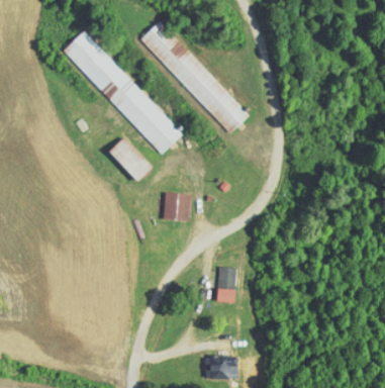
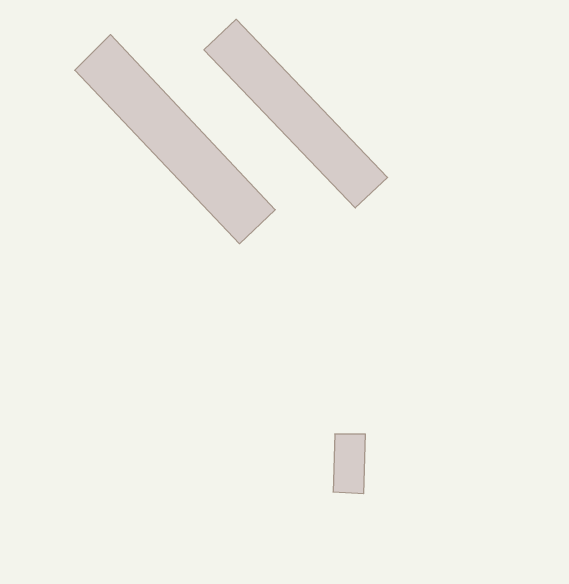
building: [107,136,151,182] -> none
building: [163,192,189,220] -> none

